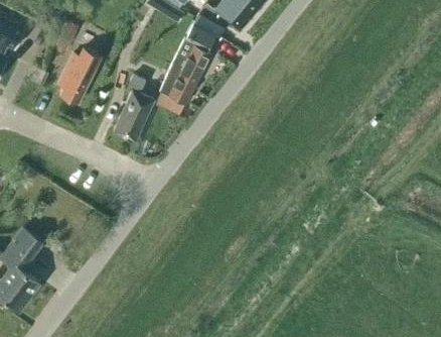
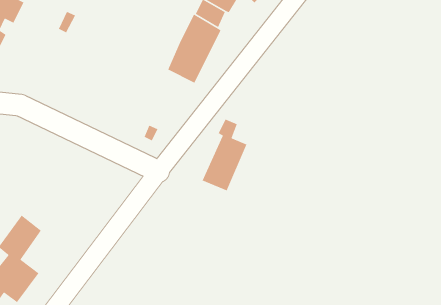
building: [57,48,101,104] -> none
building: [111,76,154,144] -> [202,119,248,191]

